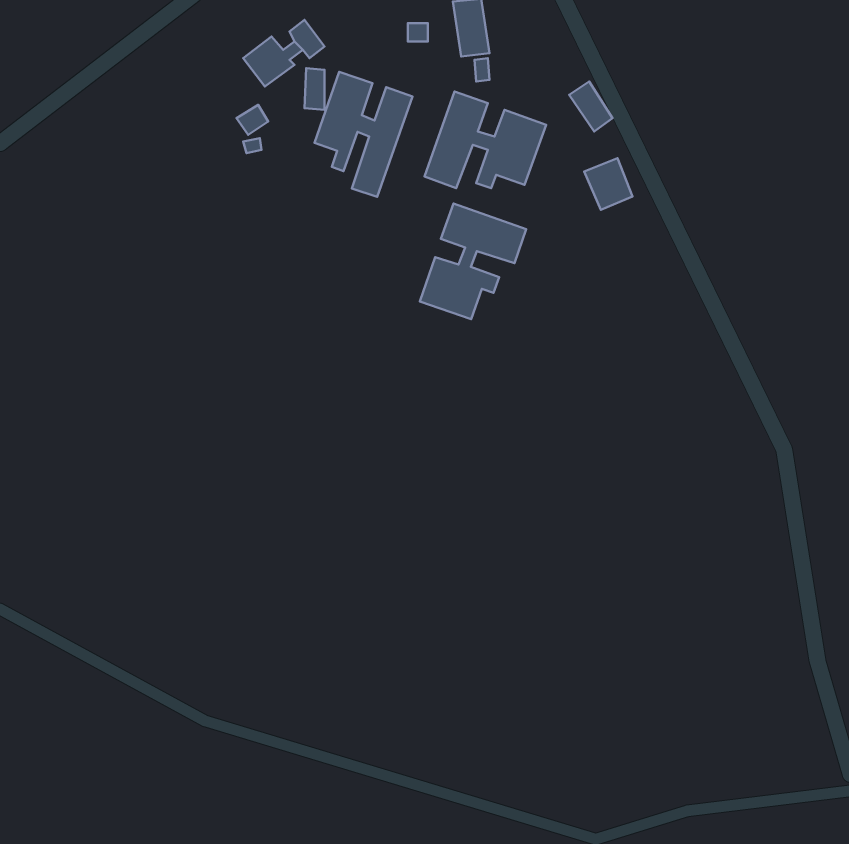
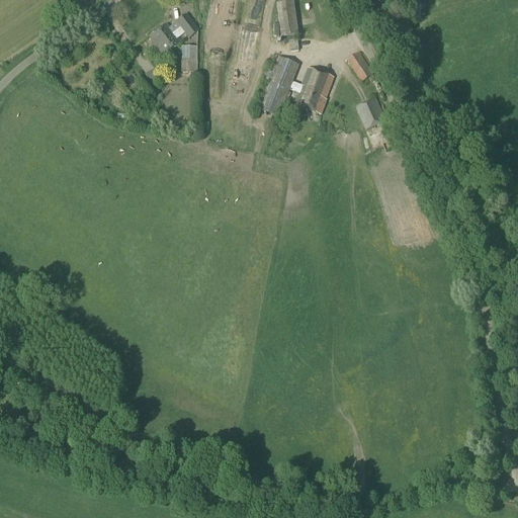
building: [315,72,413,197] -> none
building: [420,204,526,319] -> none

